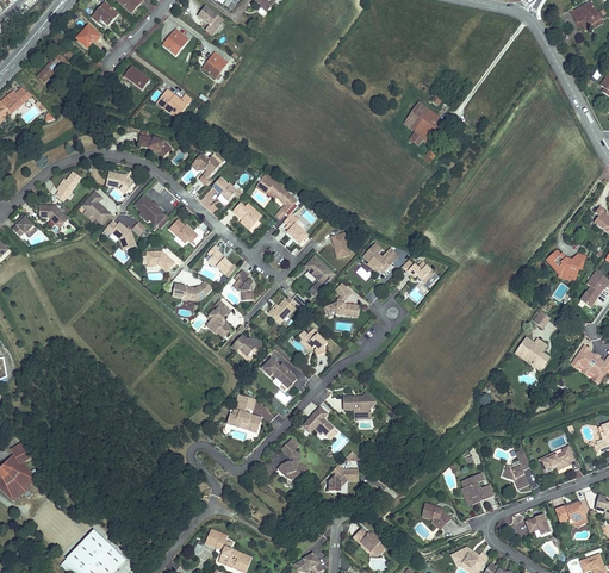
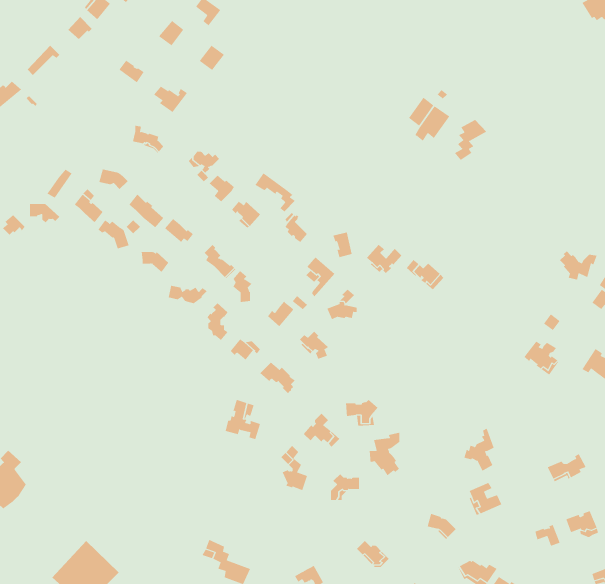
building: none -> [454,119,487,161]
building: none -> [369,432,400,476]
building: [501,447,530,488] -> [464,428,495,471]

